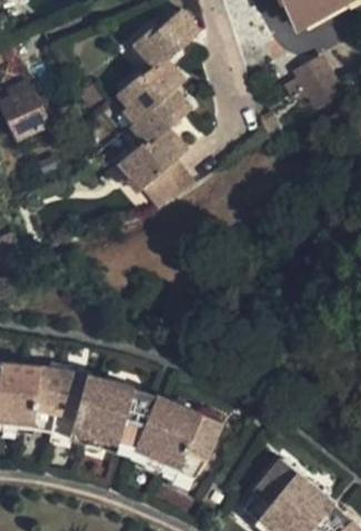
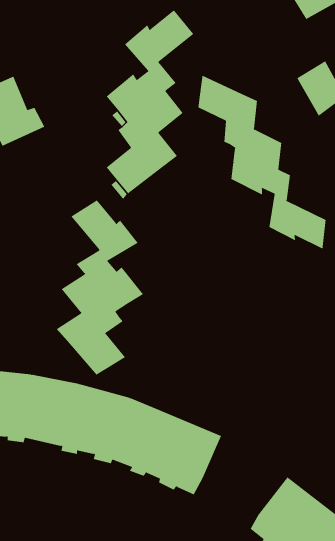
building: none -> [198,75,326,249]
building: none -> [56,199,144,376]

